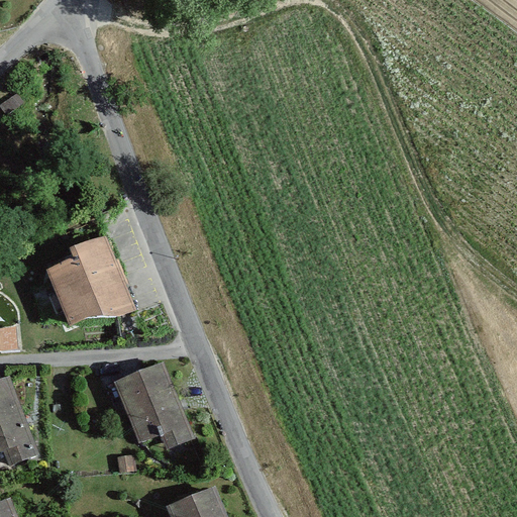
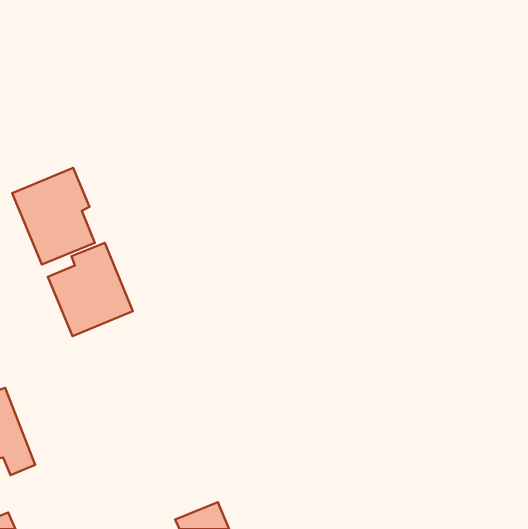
building: none -> [12,168,95,264]
building: [116,365,189,445] -> none

